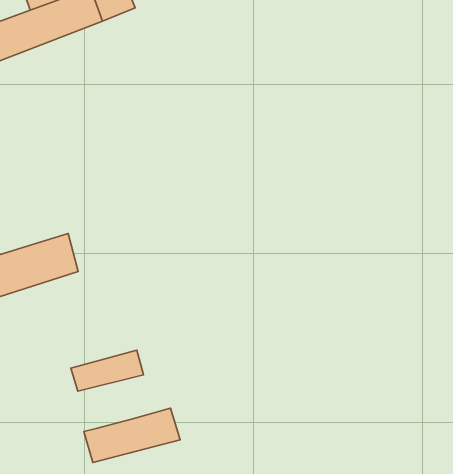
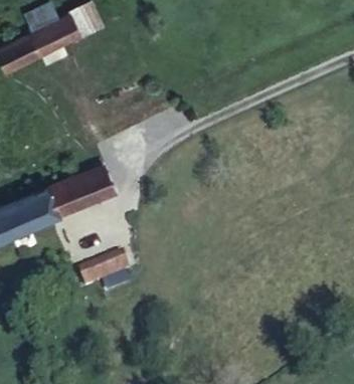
building: none -> [70,168,114,206]
building: [84,408,180,462] -> none

